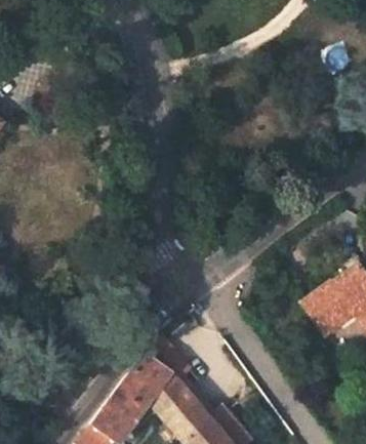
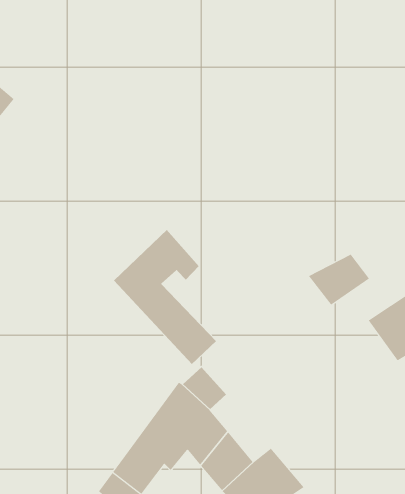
building: none -> [113,229,217,365]
building: none -> [308,254,370,305]

